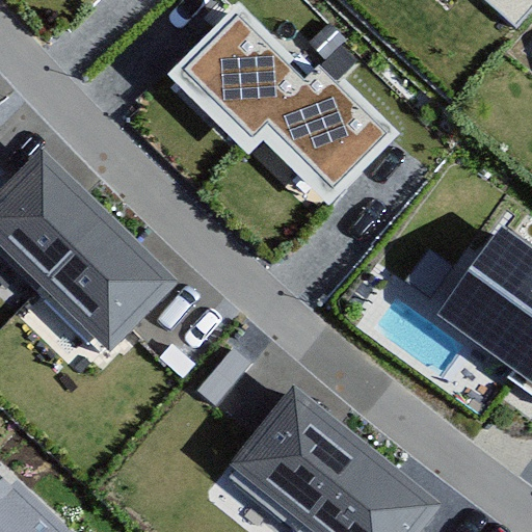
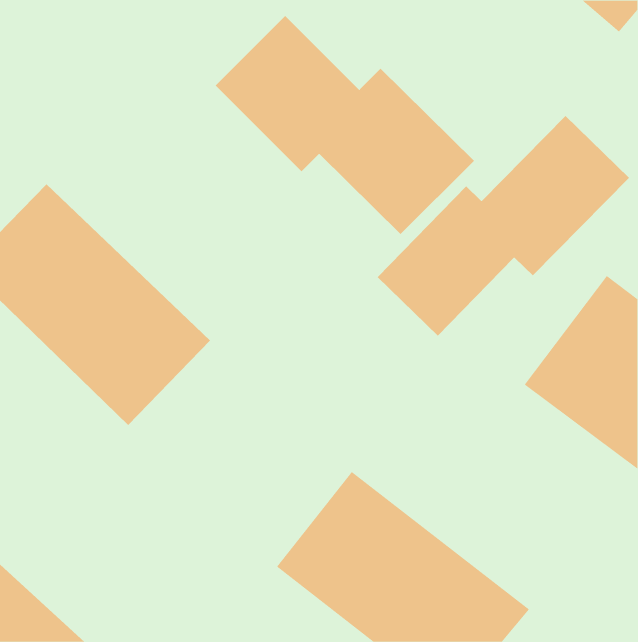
building: none -> [377,115,630,337]

